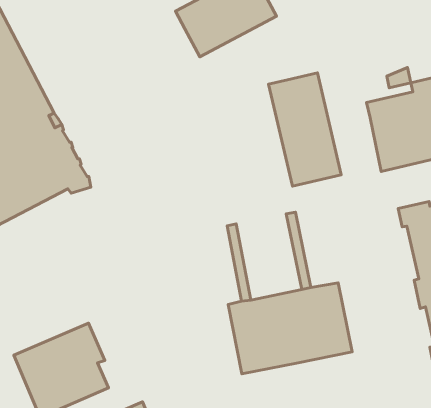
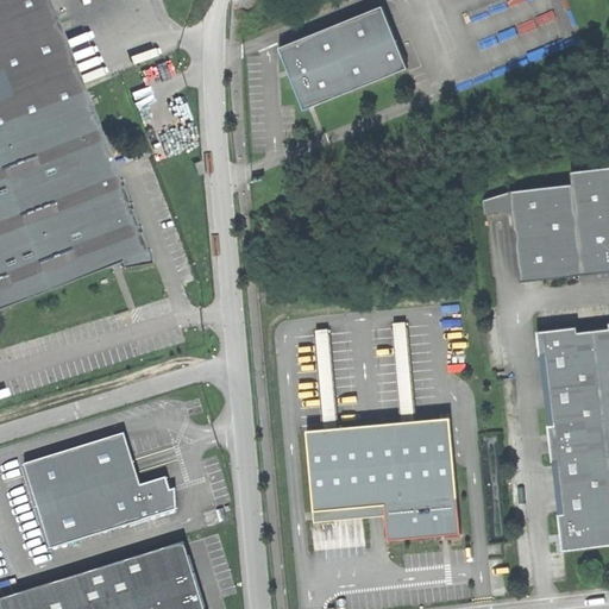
building: [387,67,411,88] -> [483,190,513,214]
building: [269,73,341,186] -> none
building: none -> [385,508,460,539]
building: none -> [131,478,176,521]

